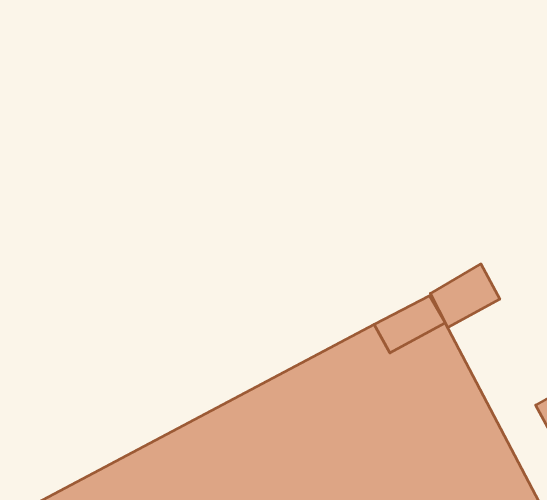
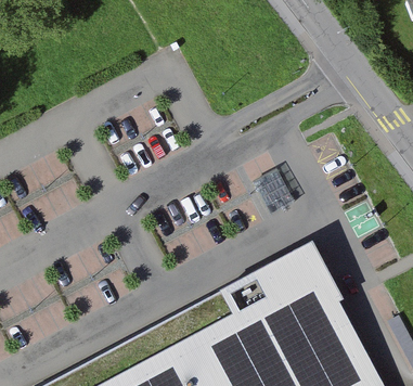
building: [430,264,500,328] -> none

